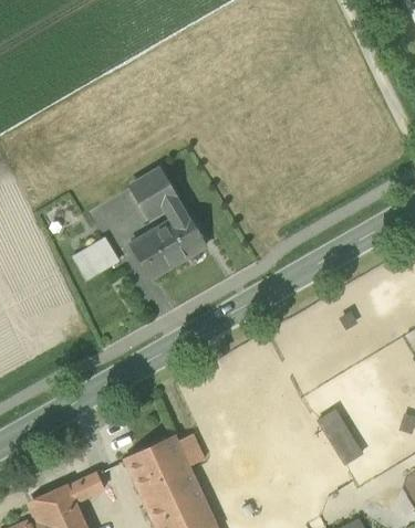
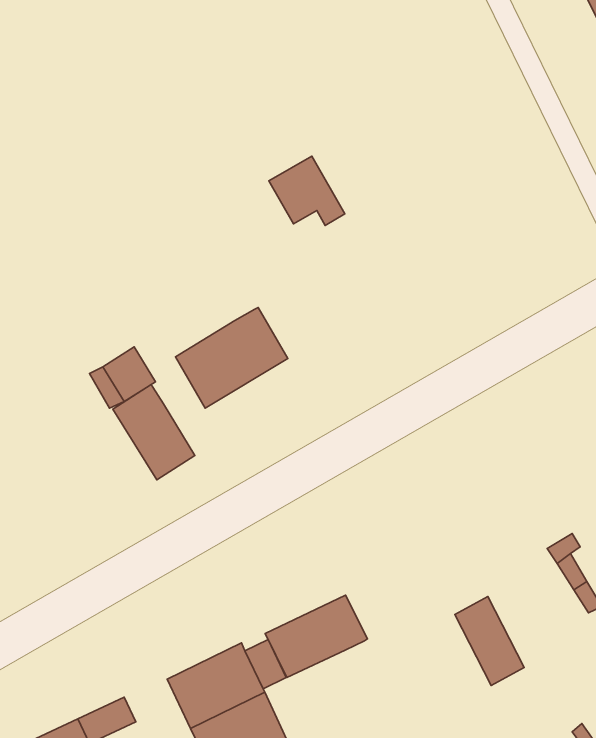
building: [133,173,184,220] -> [269,156,345,226]
building: none -> [113,385,195,480]
building: none -> [265,595,367,677]

